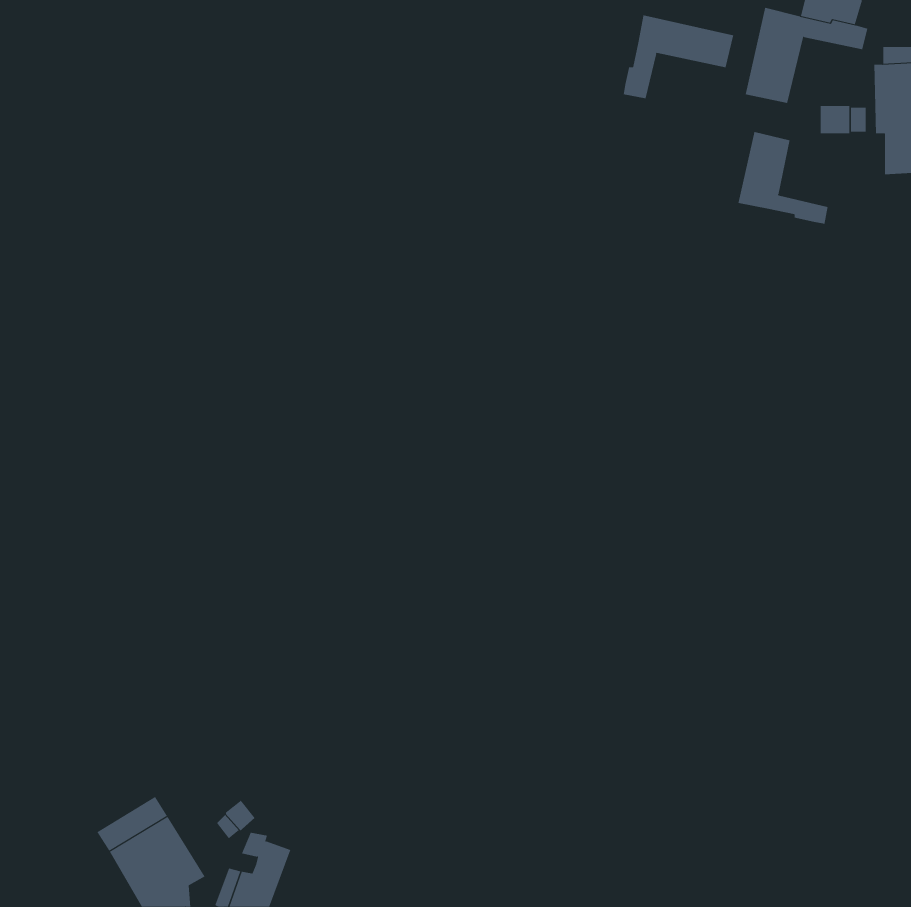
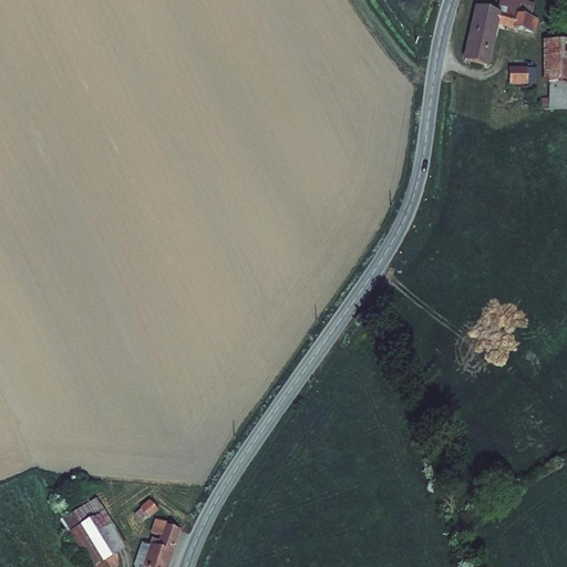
building: [623,14,734,99] -> none
building: [738,131,828,224] -> none

